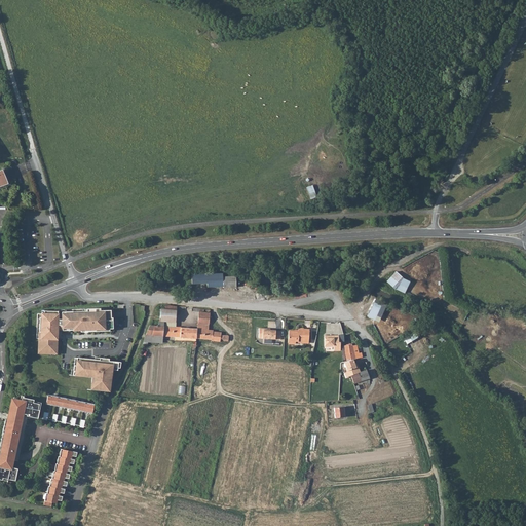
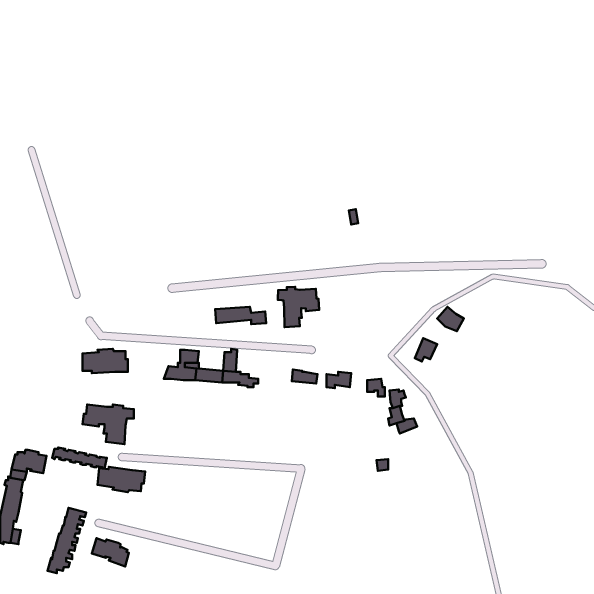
building: none -> [278,287,319,327]
building: [39,311,73,353] -> none
building: none -> [98,467,145,492]
building: none -> [92,538,129,566]

